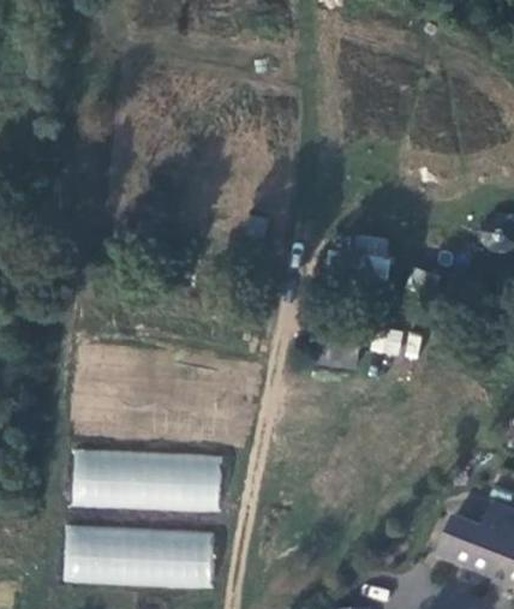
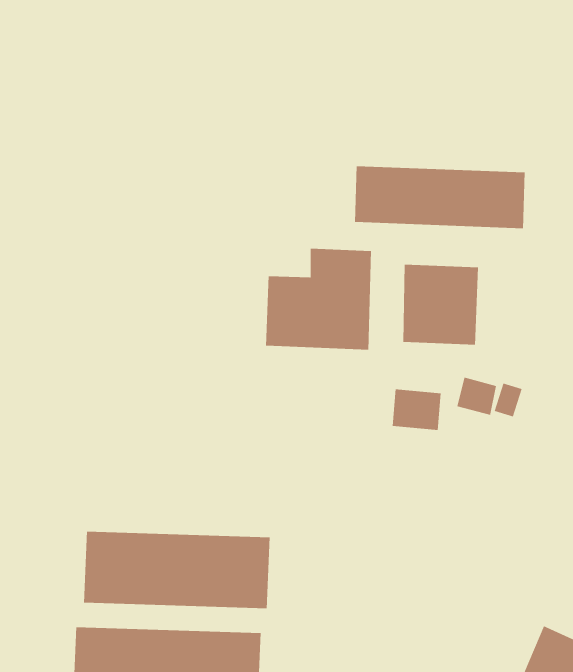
building: none -> [355,165,525,229]
building: none -> [266,248,372,350]

